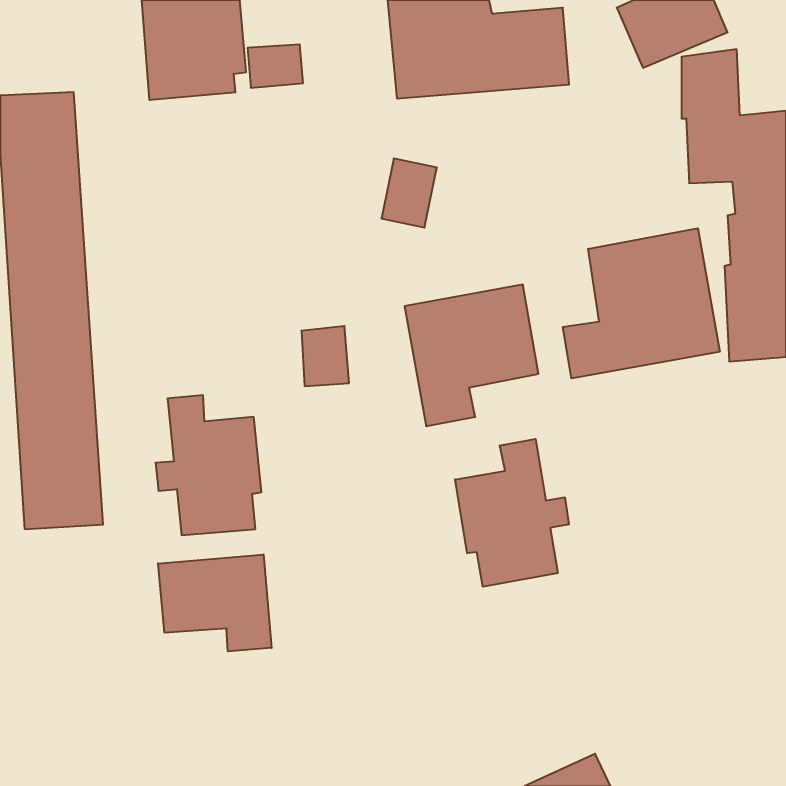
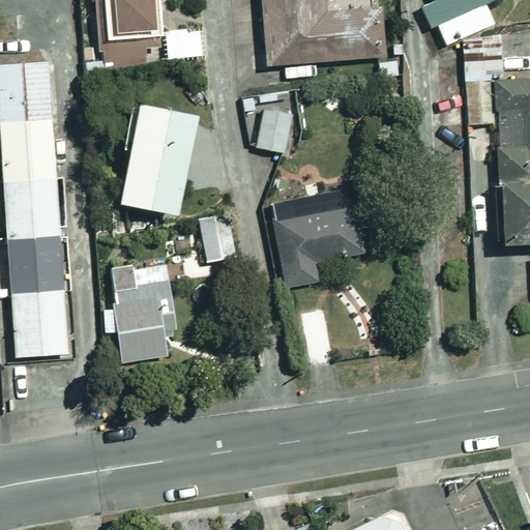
building: none -> [122,102,200,214]
building: [563,228,720,378] -> none
building: [455,439,569,587] -> none
building: [158,554,272,651] -> none

